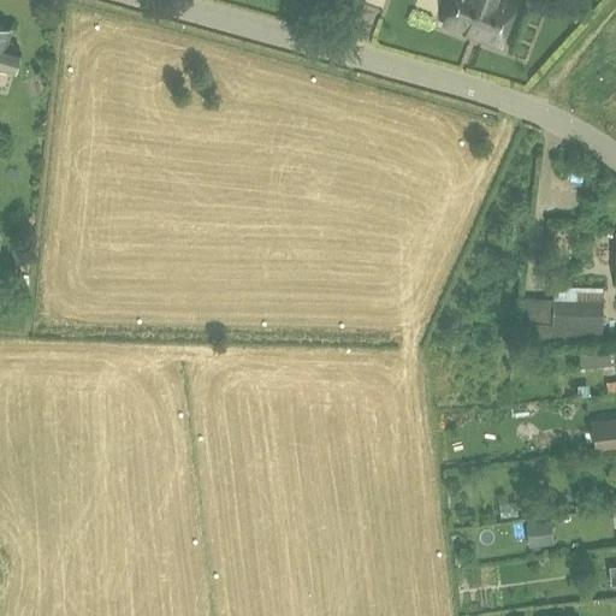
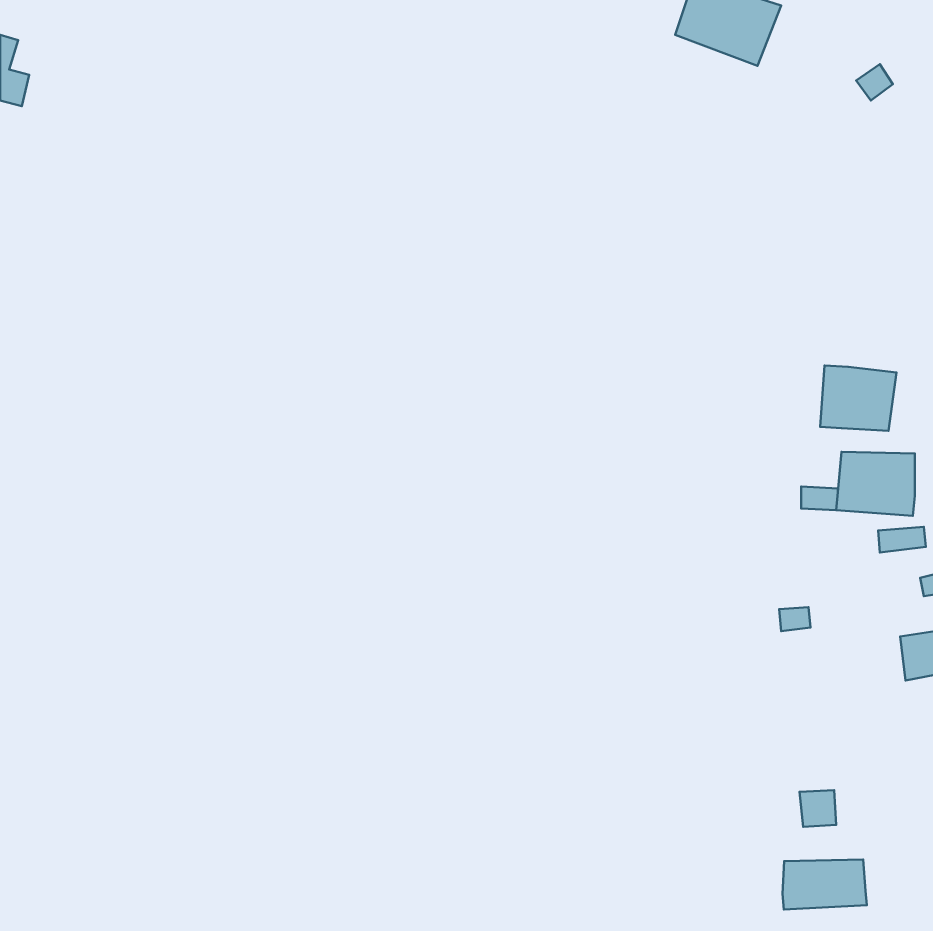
building: none -> [820,365,897,431]
building: none -> [783,860,867,910]

